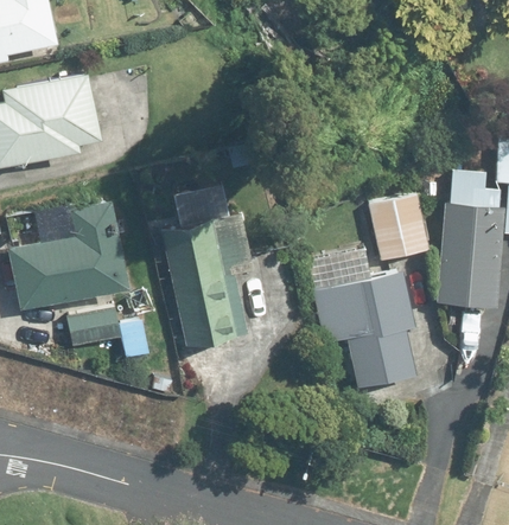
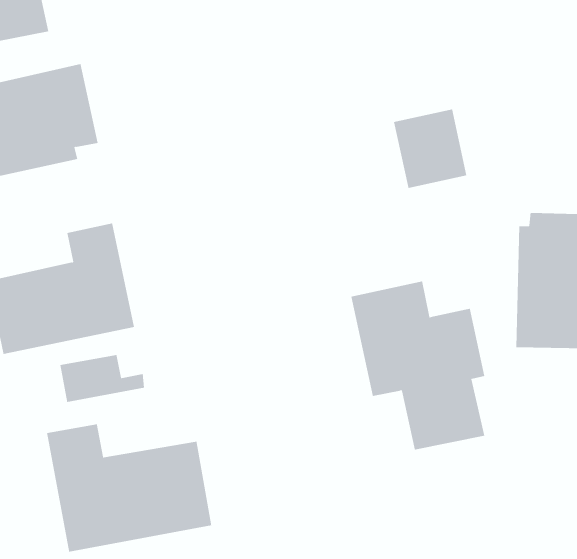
building: [161,187,253,346] -> none
building: [368,198,428,263] -> [393,109,467,189]
building: none -> [47,424,212,552]

